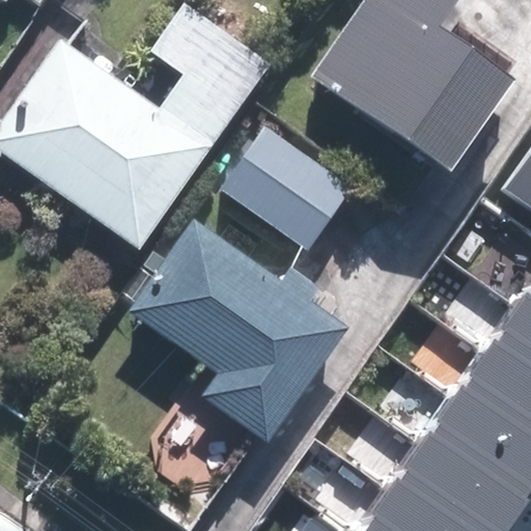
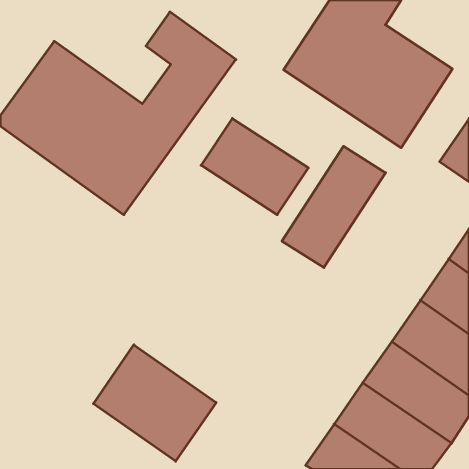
building: none -> [282,146,386,268]
building: [136,223,346,435] -> none
building: none -> [93,345,216,461]

